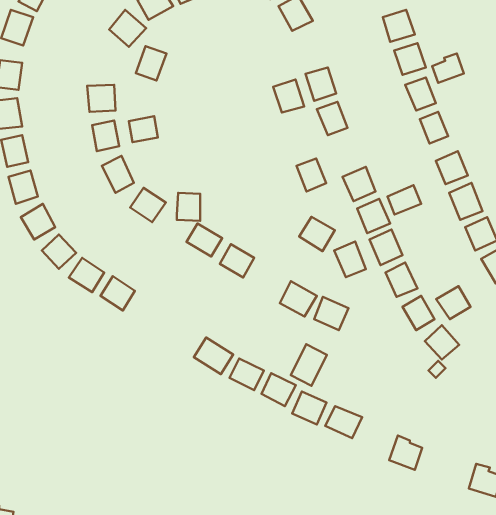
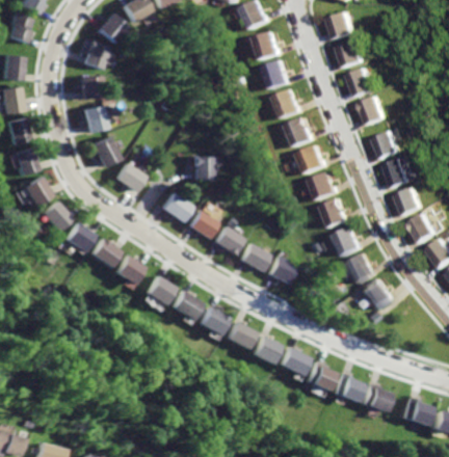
building: [136,46,166,81] -> [83,41,109,70]
building: [432,54,464,83] -> none
building: [273,79,304,113] -> [255,32,281,60]
building: [129,116,158,142] -> none
building: [297,158,326,192] -> [286,118,311,146]
building: [387,185,421,215] -> none
building: [177,193,200,221] -> [195,156,215,180]
building: [299,217,335,251] -> [216,225,246,254]
building: [334,241,366,277] -> none
building: [436,286,470,319] -> none
building: none -> [114,254,143,284]
building: none -> [146,275,175,304]
building: [291,344,327,386] -> none
building: none -> [308,360,336,391]
building: none -> [363,382,391,412]

